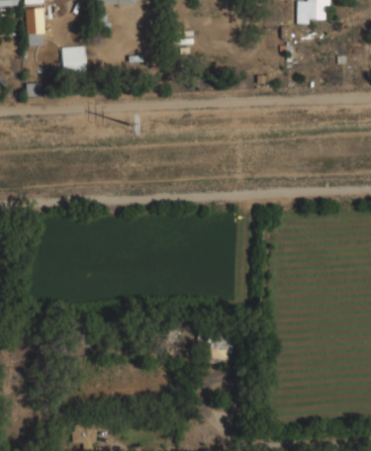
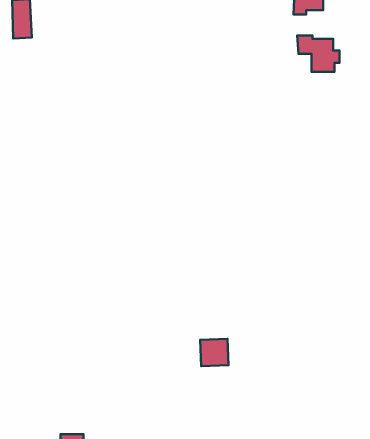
building: none -> [297,36,340,72]
building: [62,46,86,74] -> none

